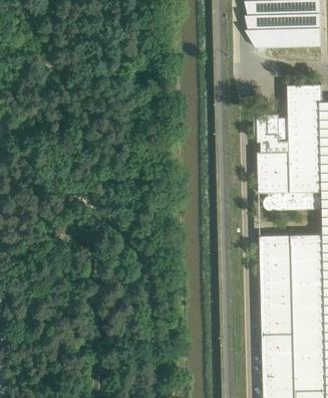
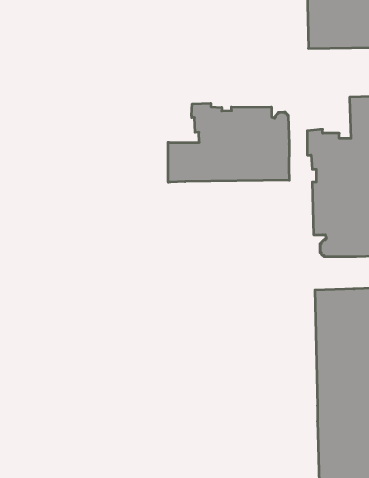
building: none -> [168,103,289,182]

